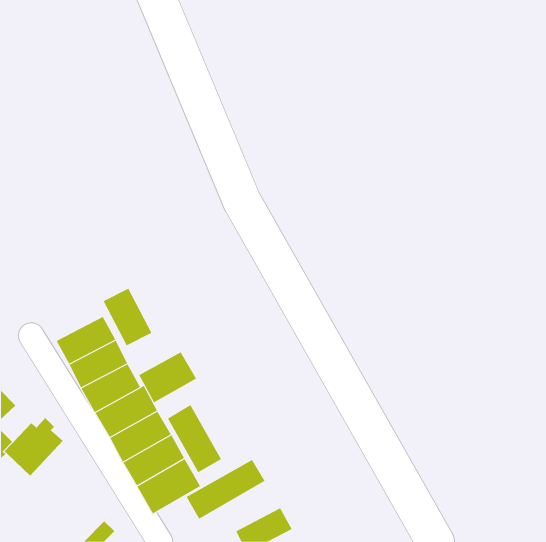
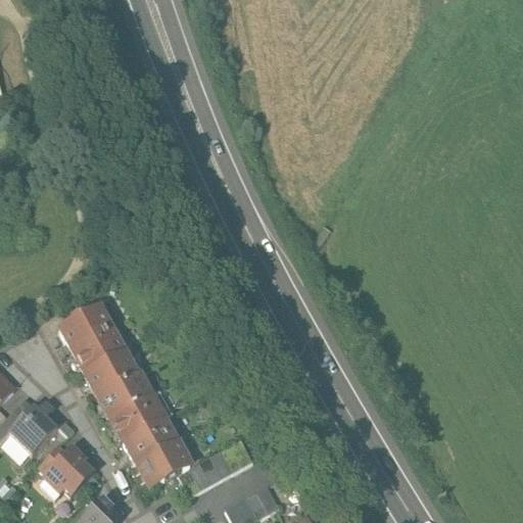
building: [103,288,152,346] -> none
building: [138,351,197,403] -> none
building: [167,404,222,473] -> none
building: none -> [39,441,95,496]

